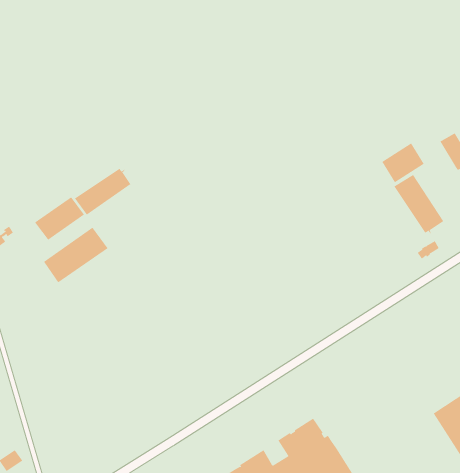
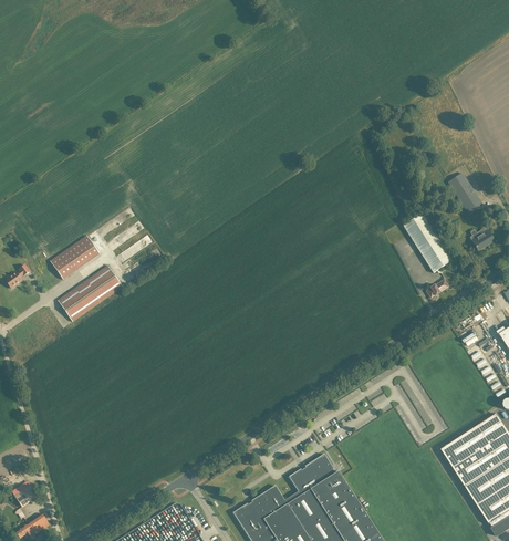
building: [382,142,425,183] -> none
building: [74,168,131,215] -> none

